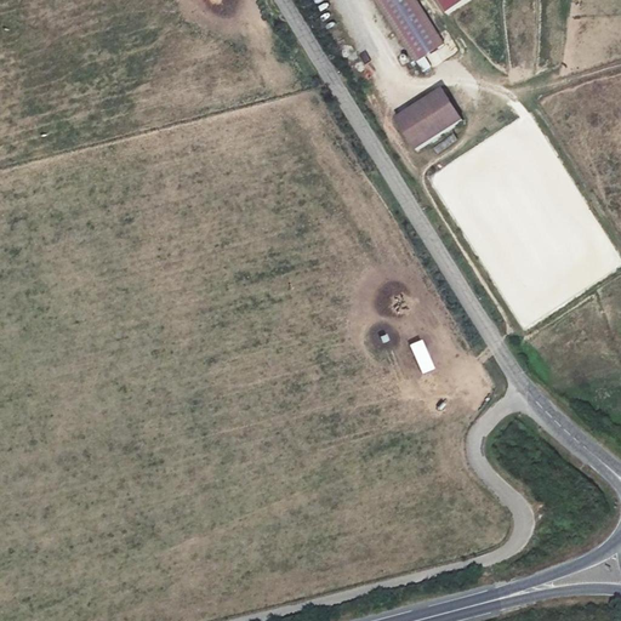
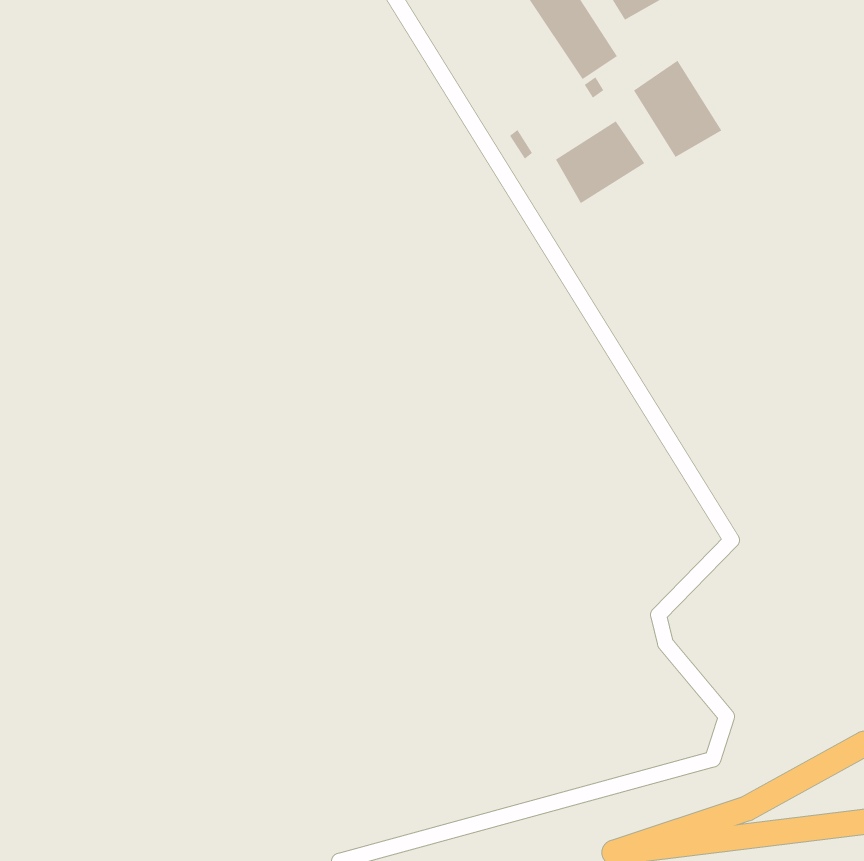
building: none -> [633,60,722,158]

